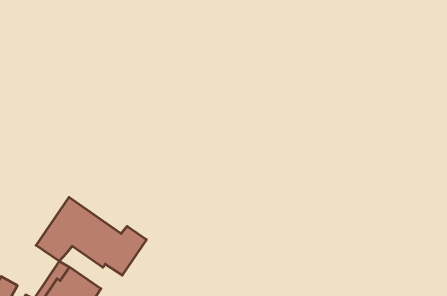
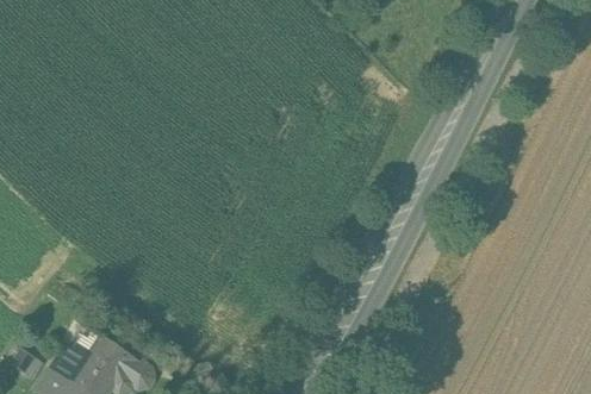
building: [36,197,146,275] -> none

